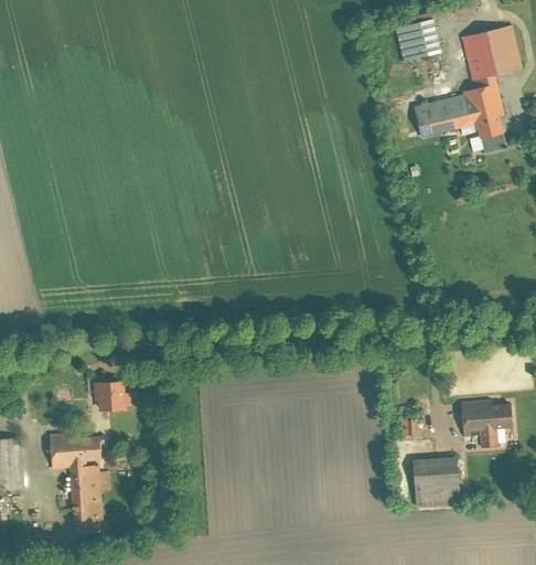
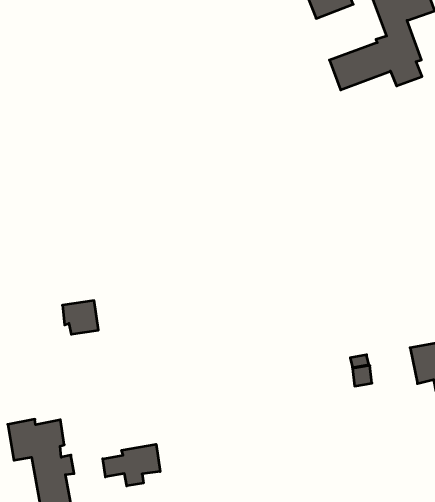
building: [96,381,129,412] -> [62,301,98,334]
building: [411,457,461,509] -> none
building: none -> [103,444,160,486]

